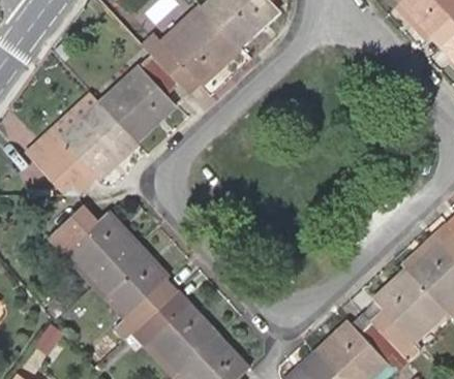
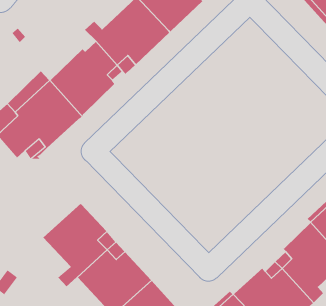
building: [58,211,138,285] -> none

